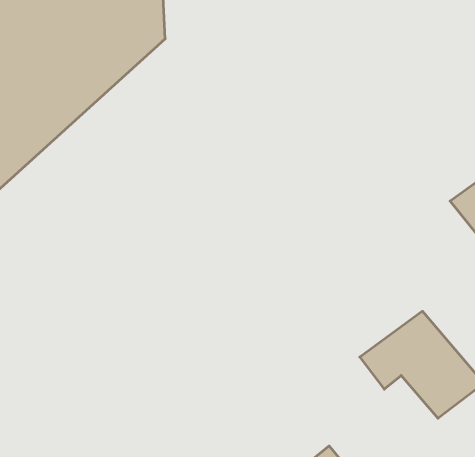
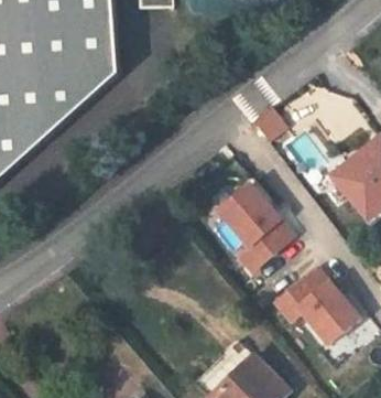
building: none -> [210,173,292,265]

